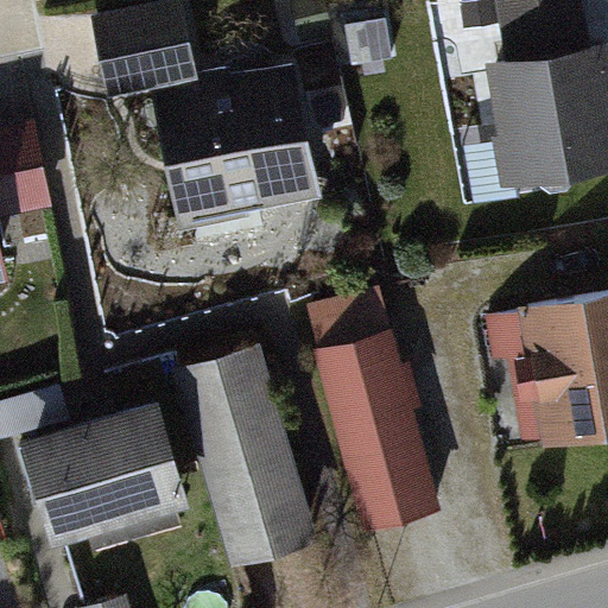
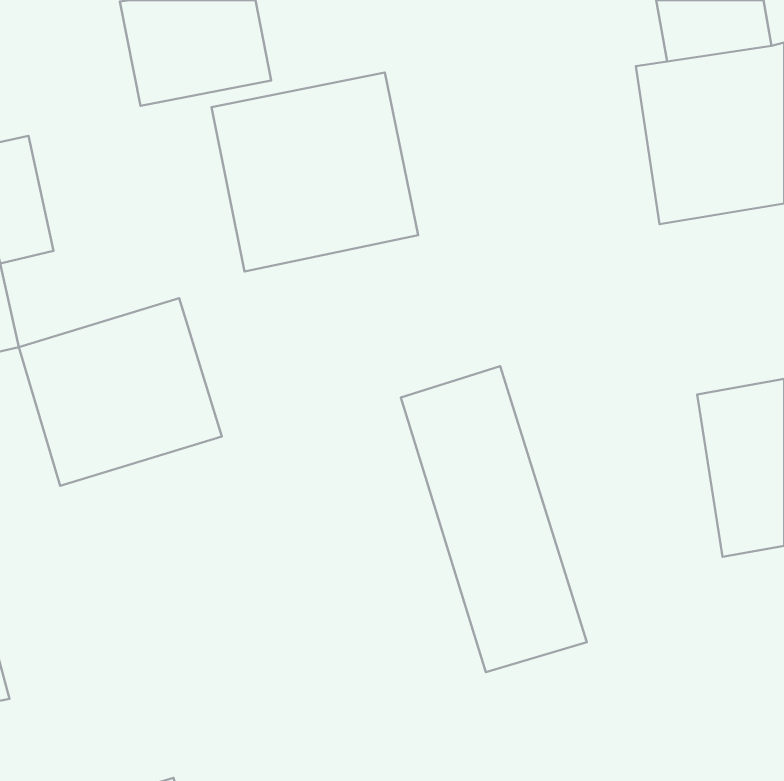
building: none -> [19,298,222,486]
building: [171,353,319,559] -> none
building: [26,413,190,546] -> none

